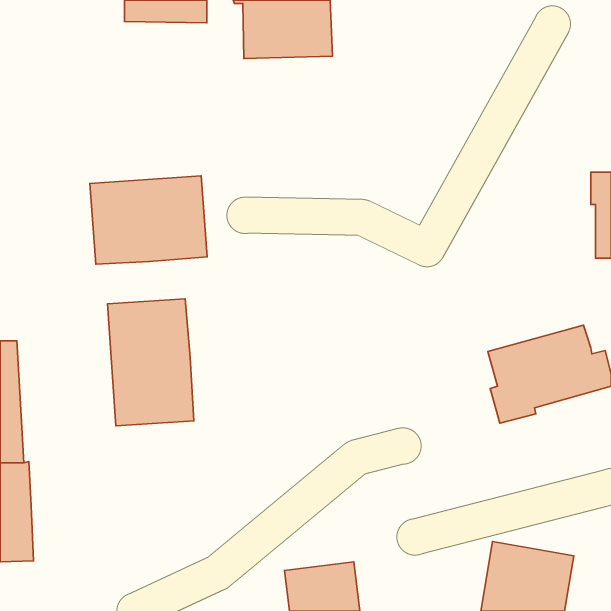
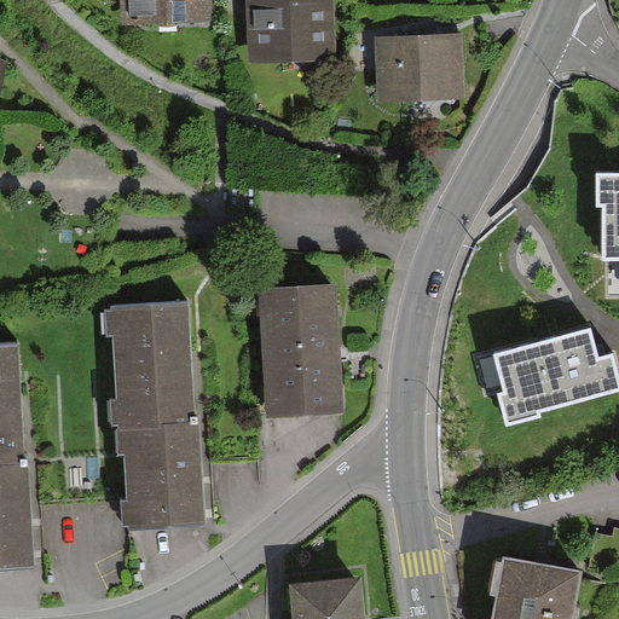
building: none -> [368,27,463,98]
building: [90,176,207,264] -> none
building: none -> [256,285,345,421]
building: none -> [117,426,206,530]

